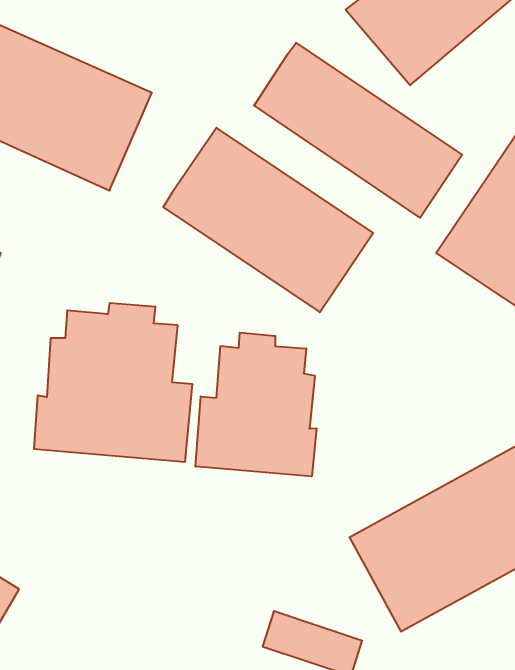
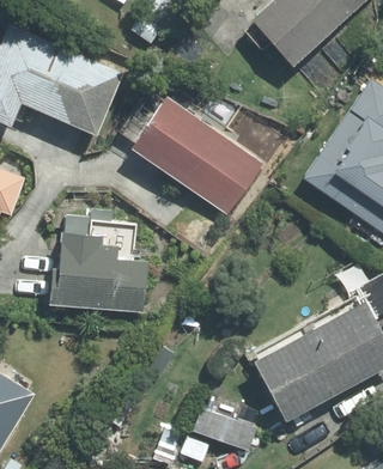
building: [254,43,462,218] -> none
building: [195,333,317,476] -> none

